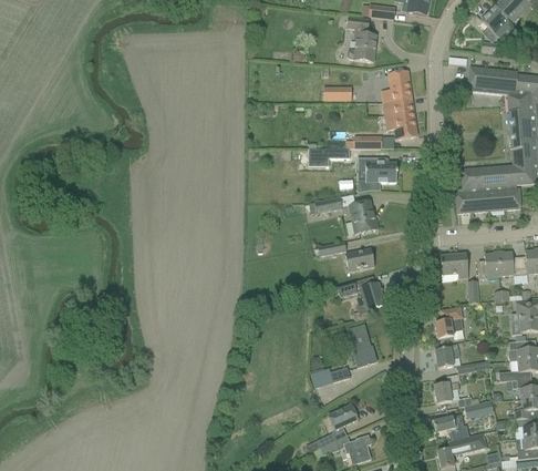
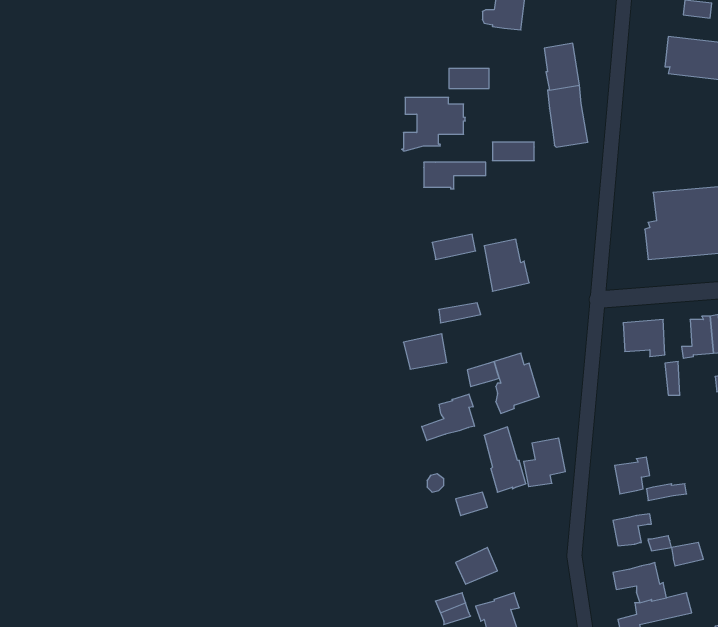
building: [355,157,397,193] -> [402,97,465,151]
building: [345,247,374,270] -> [403,334,447,369]
building: none -> [422,394,474,441]
building: [435,306,463,338] -> [524,438,565,487]

